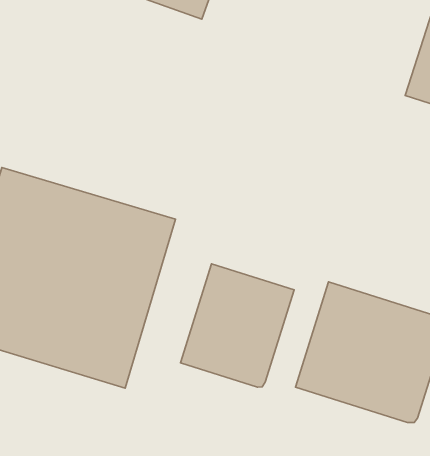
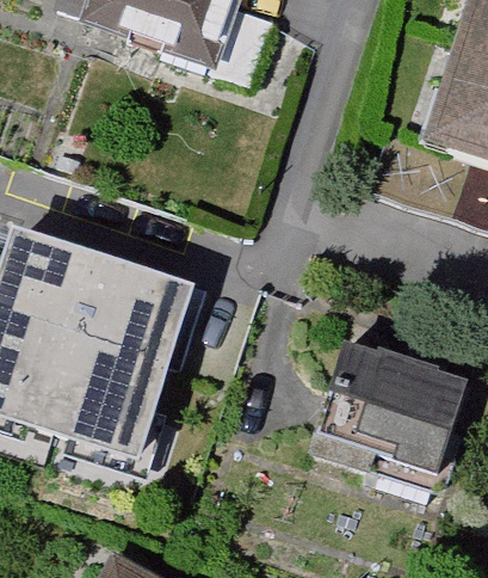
building: [181,264,294,387] -> none

